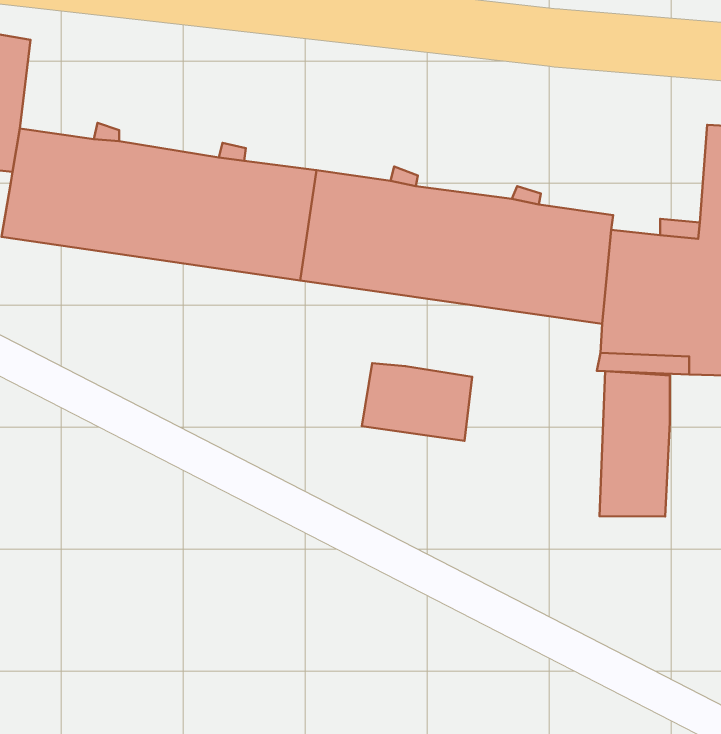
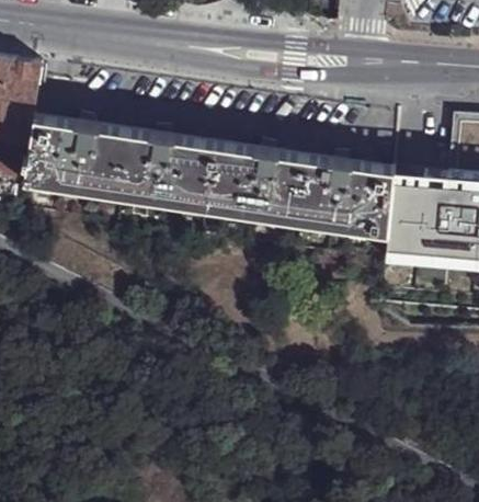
building: [362,363,472,441] -> none
building: [600,371,670,517] -> none

